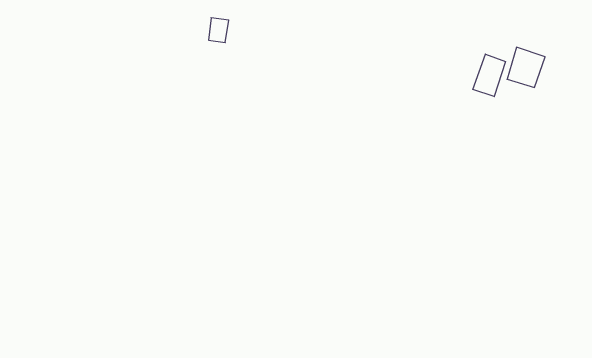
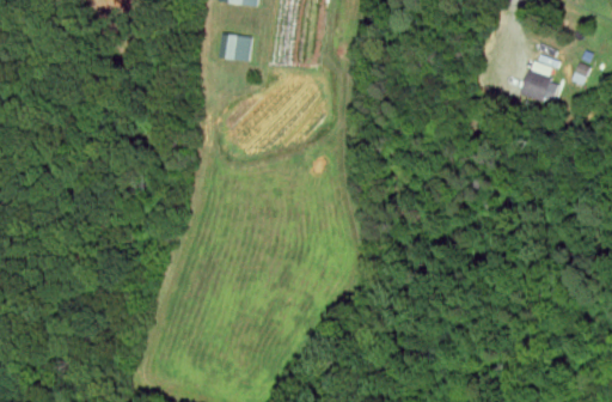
building: [473,54,506,97] -> none

